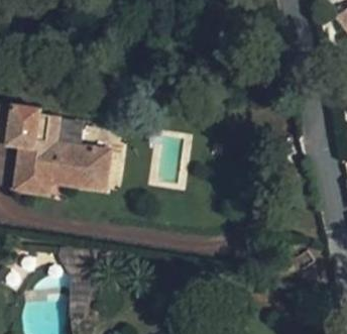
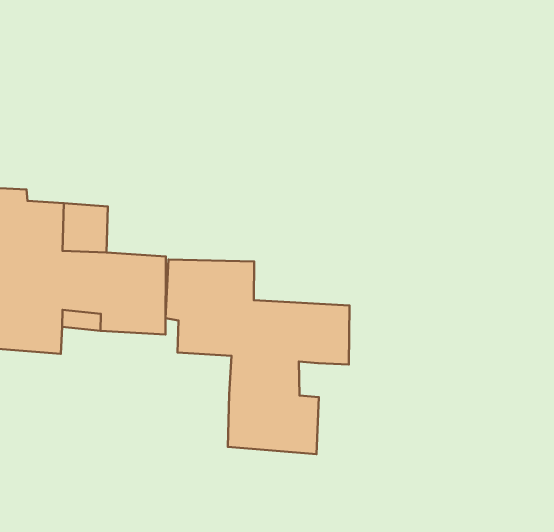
building: none -> [166,259,349,454]

